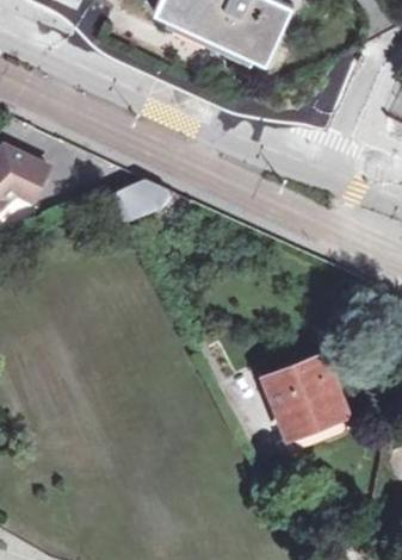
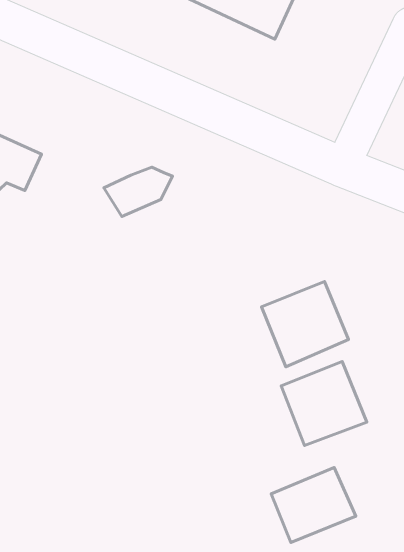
building: none -> [262,282,349,367]
building: none -> [271,468,356,542]

